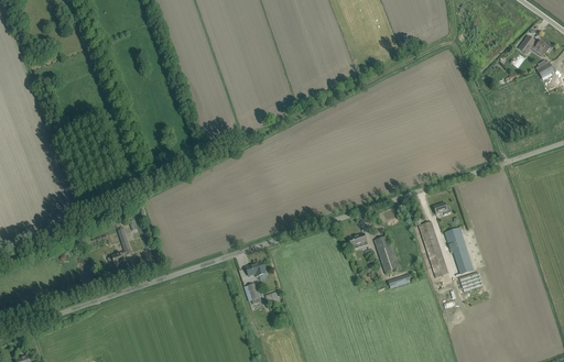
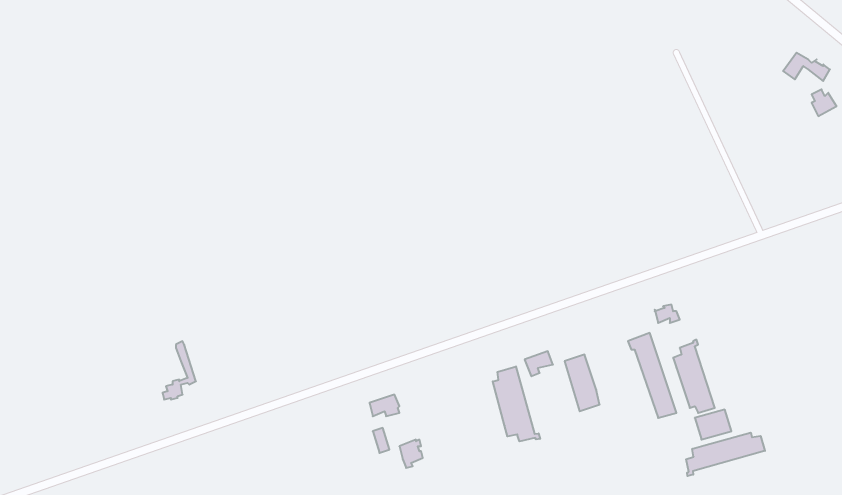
building: none -> [493,366,540,441]
building: none -> [686,433,765,476]

